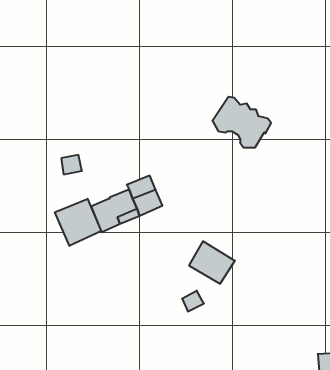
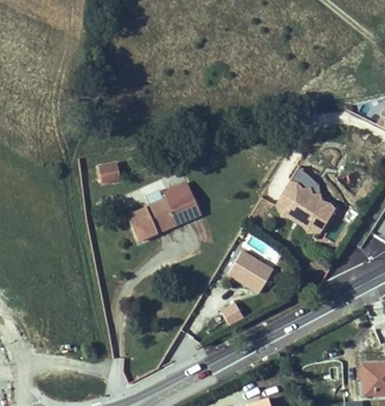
building: [212,97,271,147] -> [276,179,336,231]
building: [55,199,101,246] -> none

